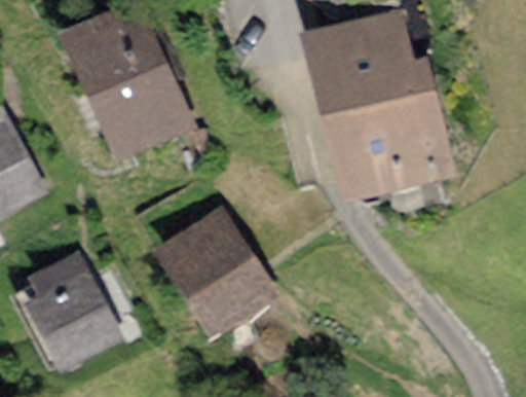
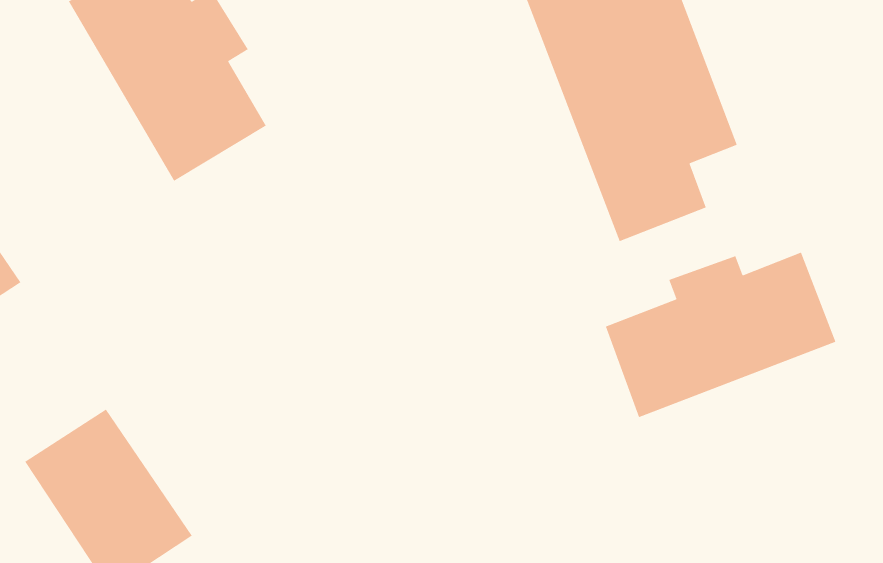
building: none -> [605,252,837,418]
building: [173,227,263,320] -> none

